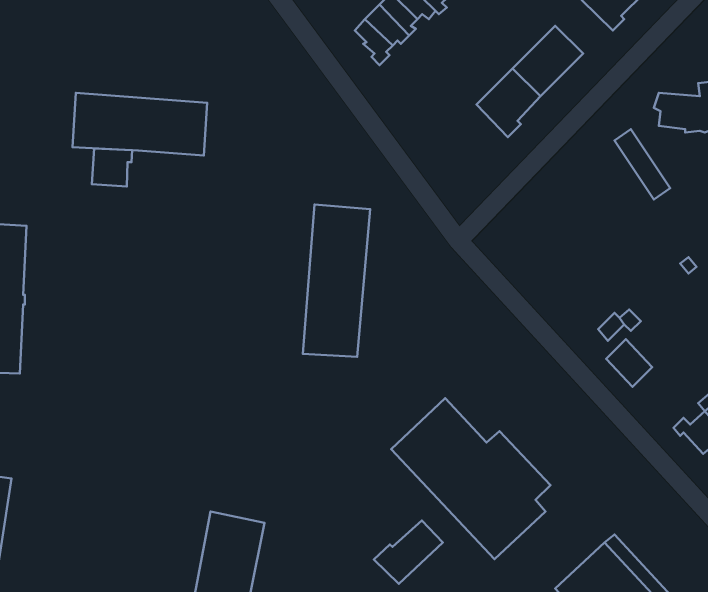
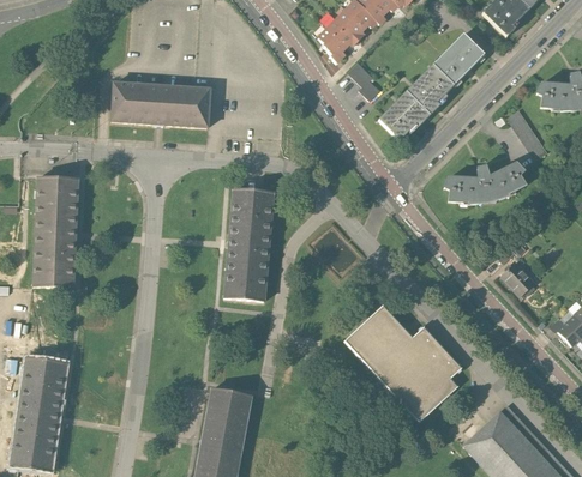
building: none -> [348,61,380,99]
building: none -> [379,90,430,139]
building: [92,149,132,186] -> none
building: none -> [444,161,527,204]
building: [303,204,370,357] -> [224,188,274,300]
building: [374,520,443,584] -> none

